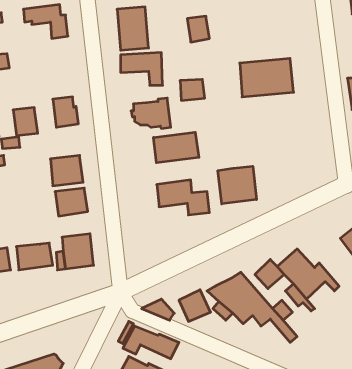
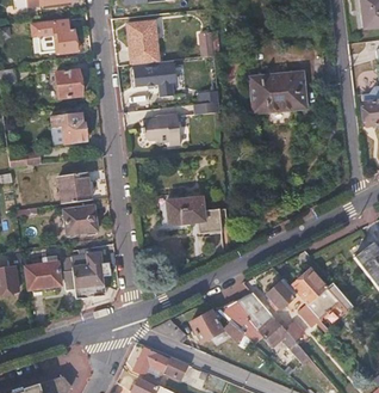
building: [13,108,38,136] -> [56,69,81,98]
building: [154,132,199,163] -> none
building: [218,166,256,204] -> none

